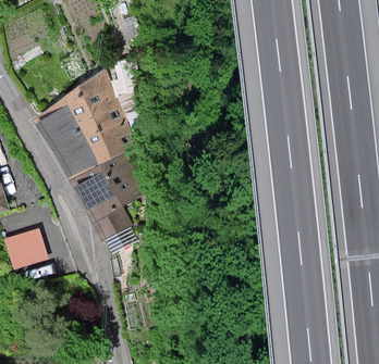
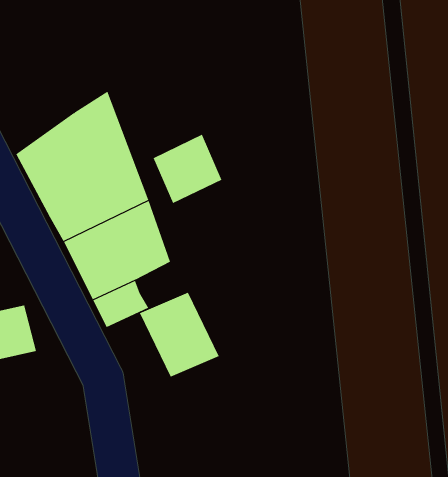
building: none -> [153,134,222,204]
building: none -> [139,292,219,377]

